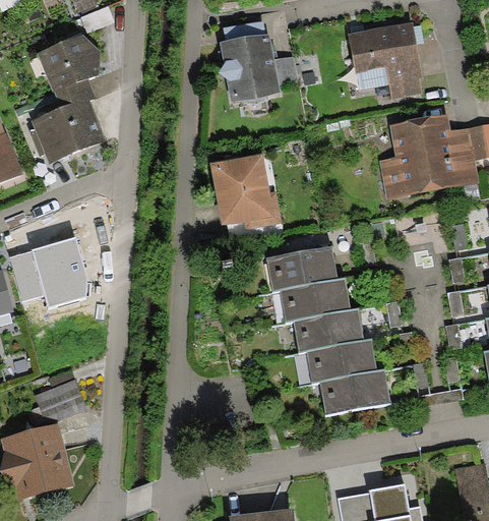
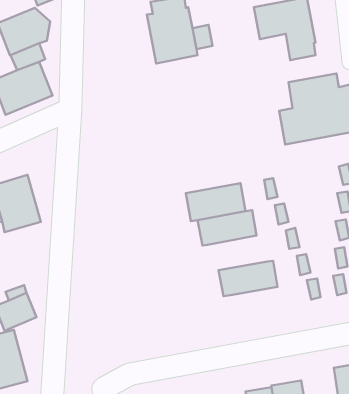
building: [210,154,282,230] -> none
building: [292,308,364,353] -> none
building: [319,370,390,415] -> none

